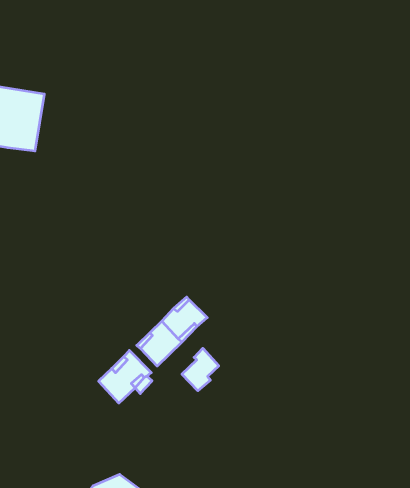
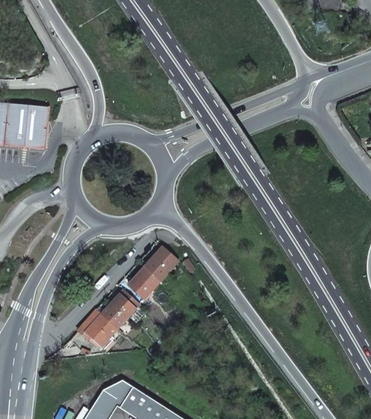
building: [182,348,219,391] -> none
building: none -> [71,307,118,354]

